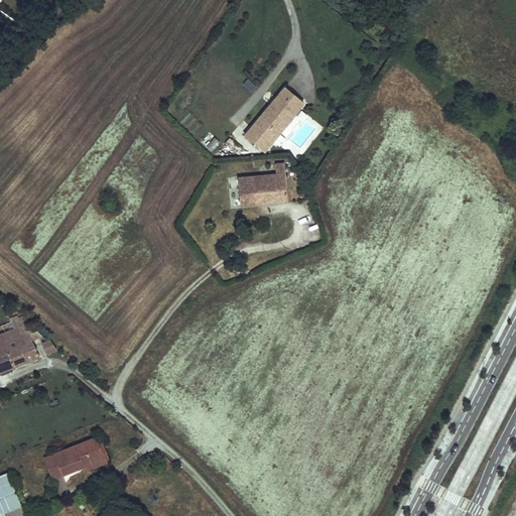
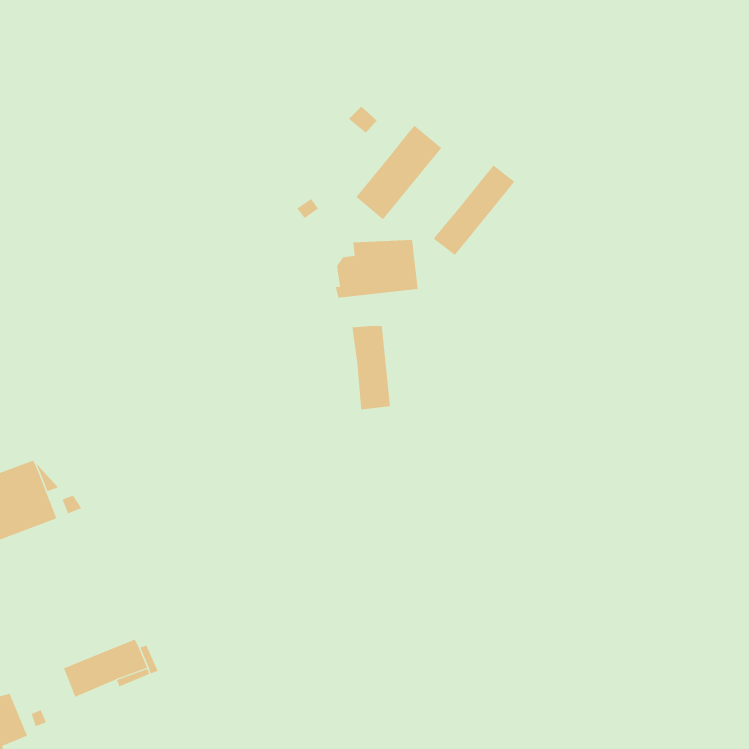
building: none -> [433,165,515,256]
building: none -> [352,325,390,410]

